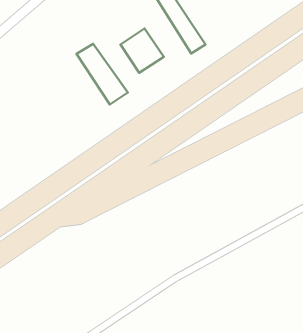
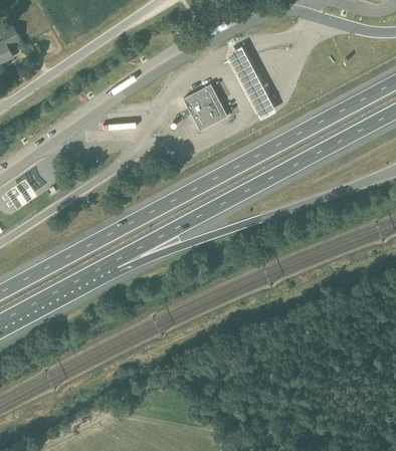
building: [77,44,128,104] -> none

